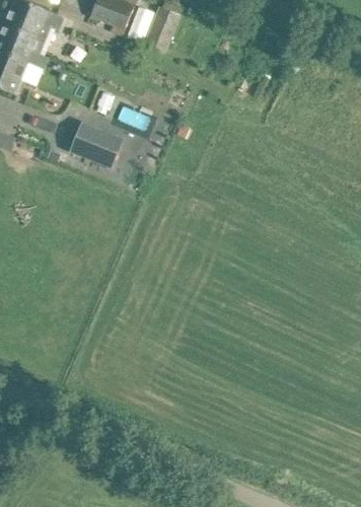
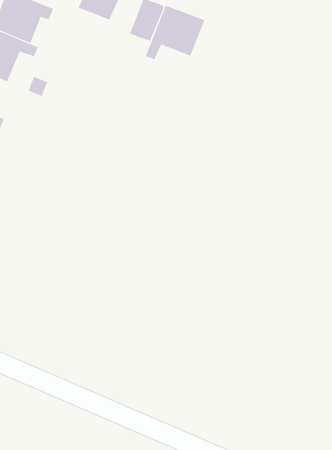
building: none -> [145,5,205,60]
building: [71,124,120,163] -> none

